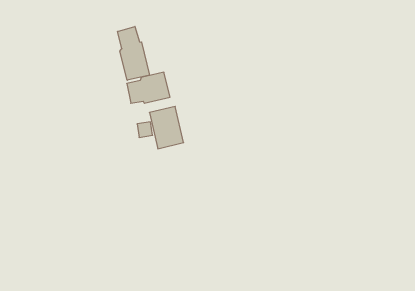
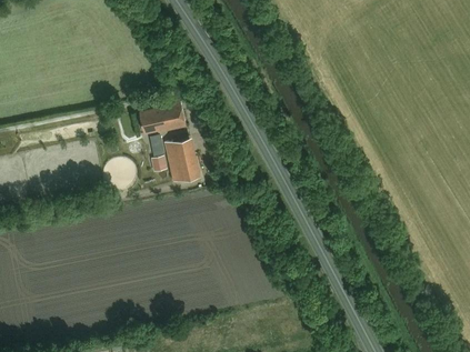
building: [118,26,150,80] -> none

